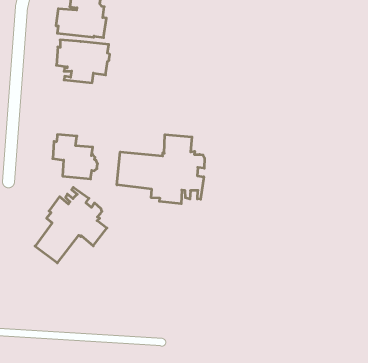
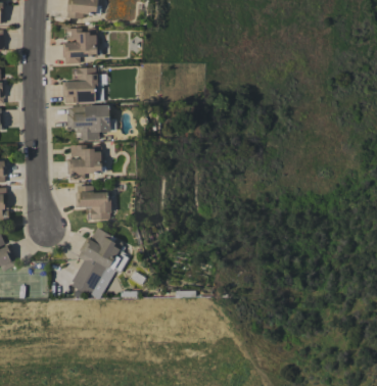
building: none -> [66,145,105,181]
building: [117,135,204,204] -> none

